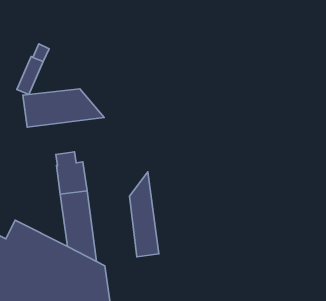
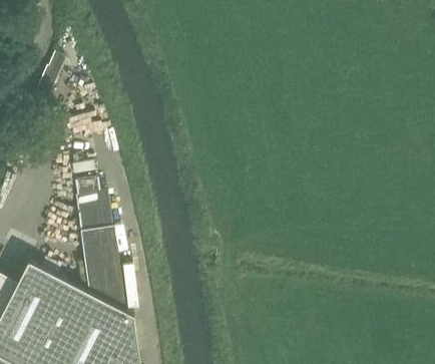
building: [23,89,104,127] -> none
building: [130,172,159,257] -> none

